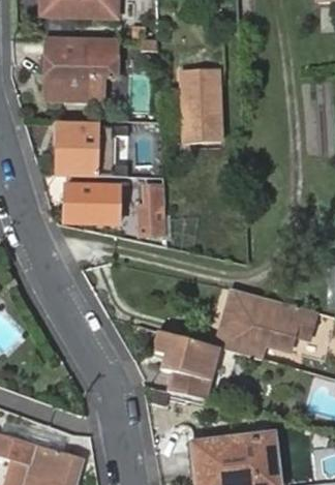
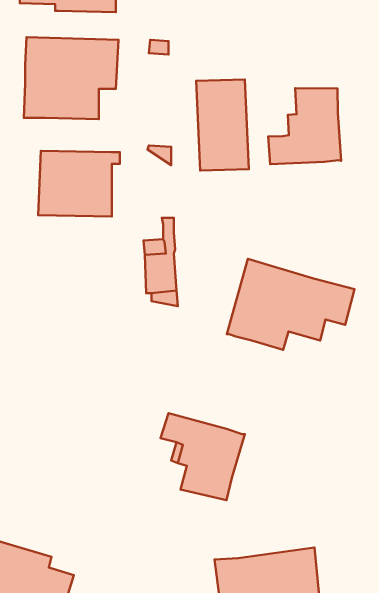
building: none -> [268,88,341,164]
building: [63,184,121,224] -> none
building: [217,289,317,360] -> [227,259,354,350]

